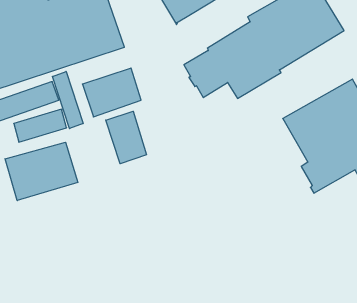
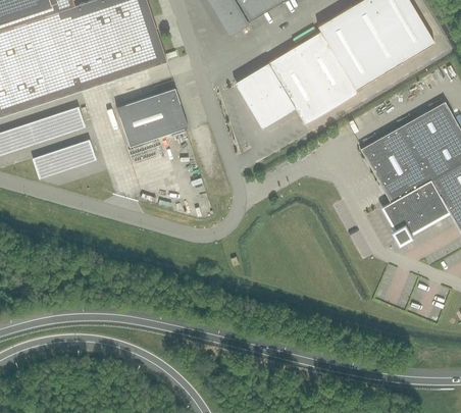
building: [52,71,83,129] -> none
building: [106,111,146,164] -> none
building: [5,142,78,201] -> none

